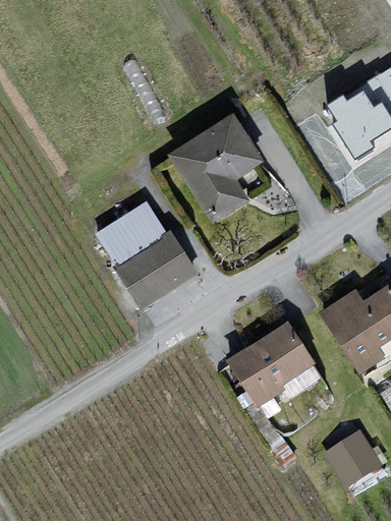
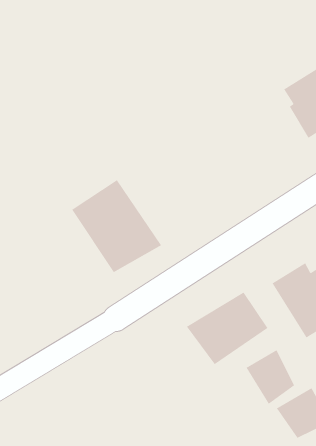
building: [165,115,262,227] -> none
building: none -> [245,349,295,405]

